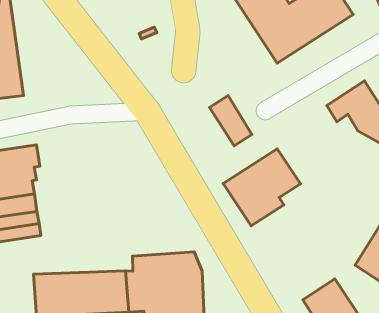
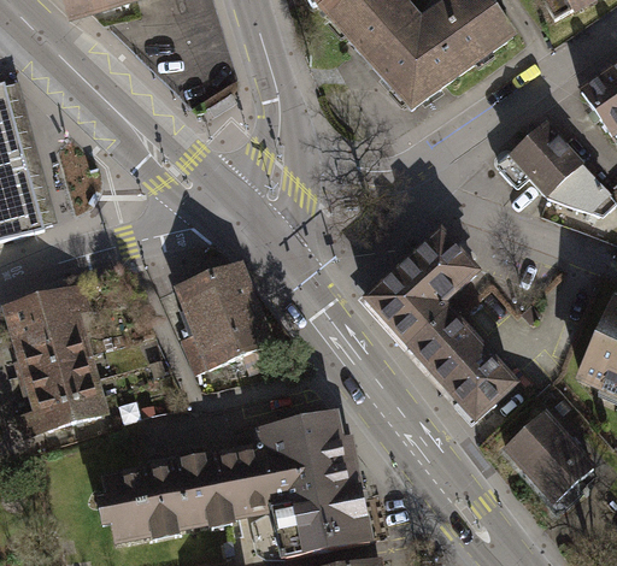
building: [209,95,252,146] -> none
building: none -> [180,260,270,361]
building: none -> [411,319,515,426]

